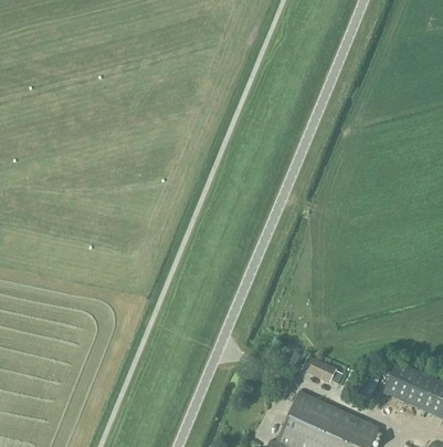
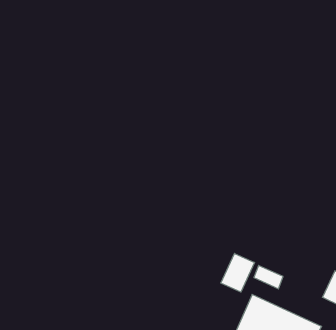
building: none -> [221,253,254,292]

